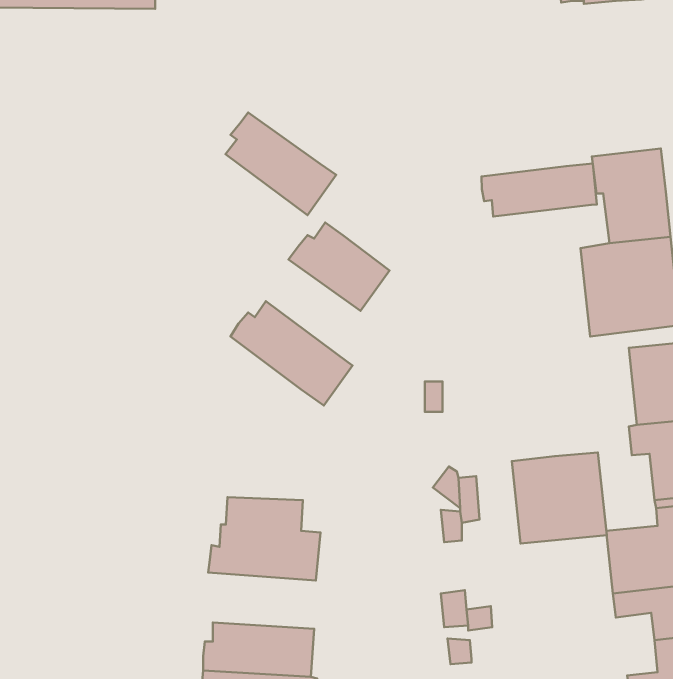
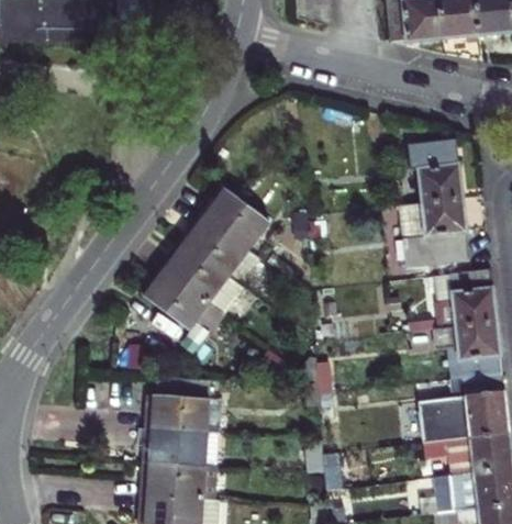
building: [226,112,336,215] -> [183,214,259,285]
building: [481,163,597,217] -> none
building: none -> [144,267,208,331]
building: [512,453,607,544] -> none
building: none -> [143,428,218,467]

